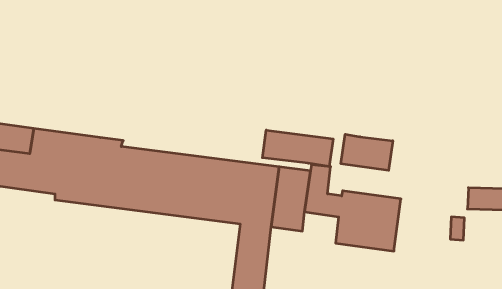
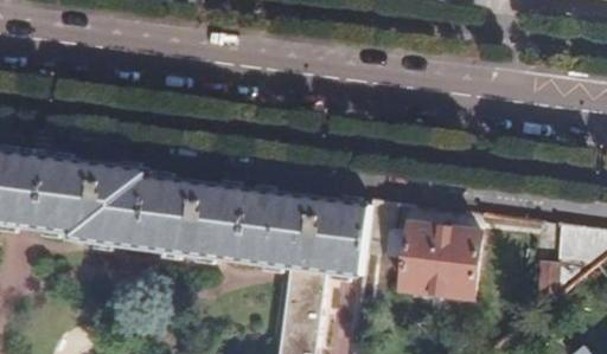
building: [262,130,333,167] -> none
building: [341,134,393,170] -> none

